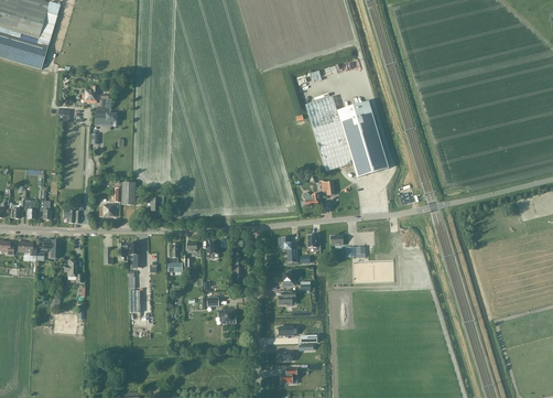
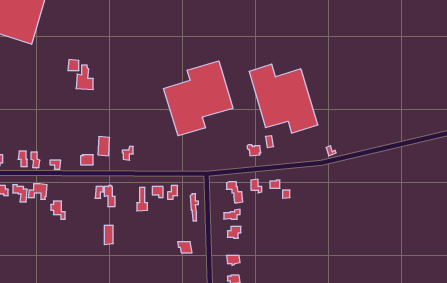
building: none -> [163,61,233,136]

